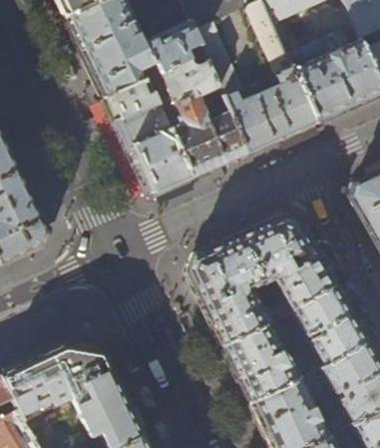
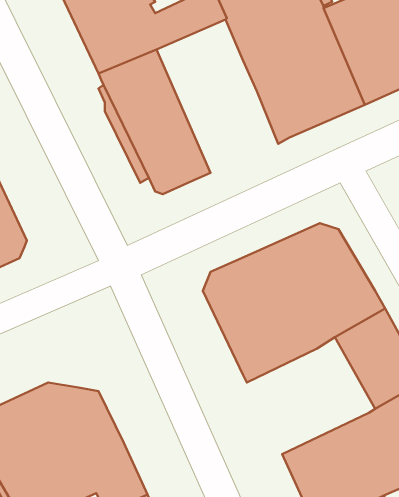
building: [149,55,247,177] -> none
building: [222,318,319,402] -> none

